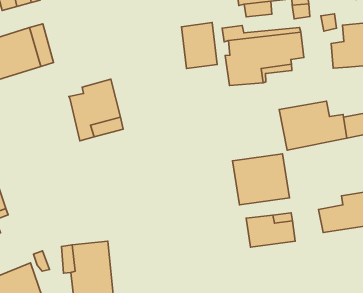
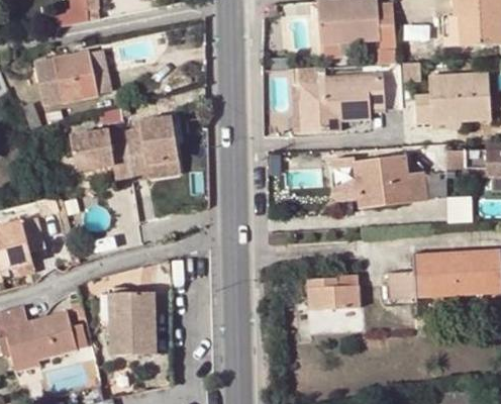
building: [182,23,217,69] -> none
building: none -> [71,130,132,184]
building: [233,154,289,205] -> none

